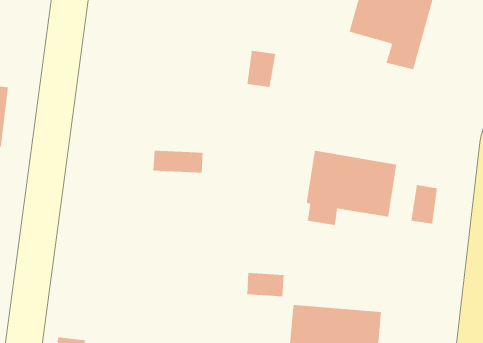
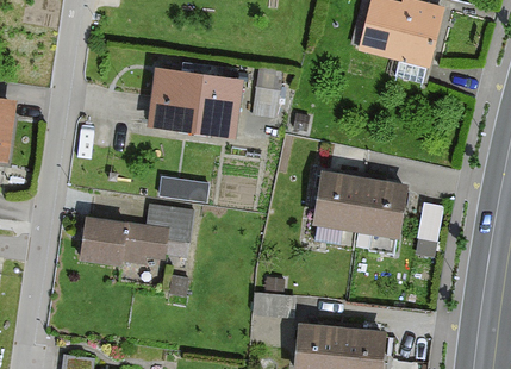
building: none -> [150,71,241,137]
building: none -> [80,202,194,269]

